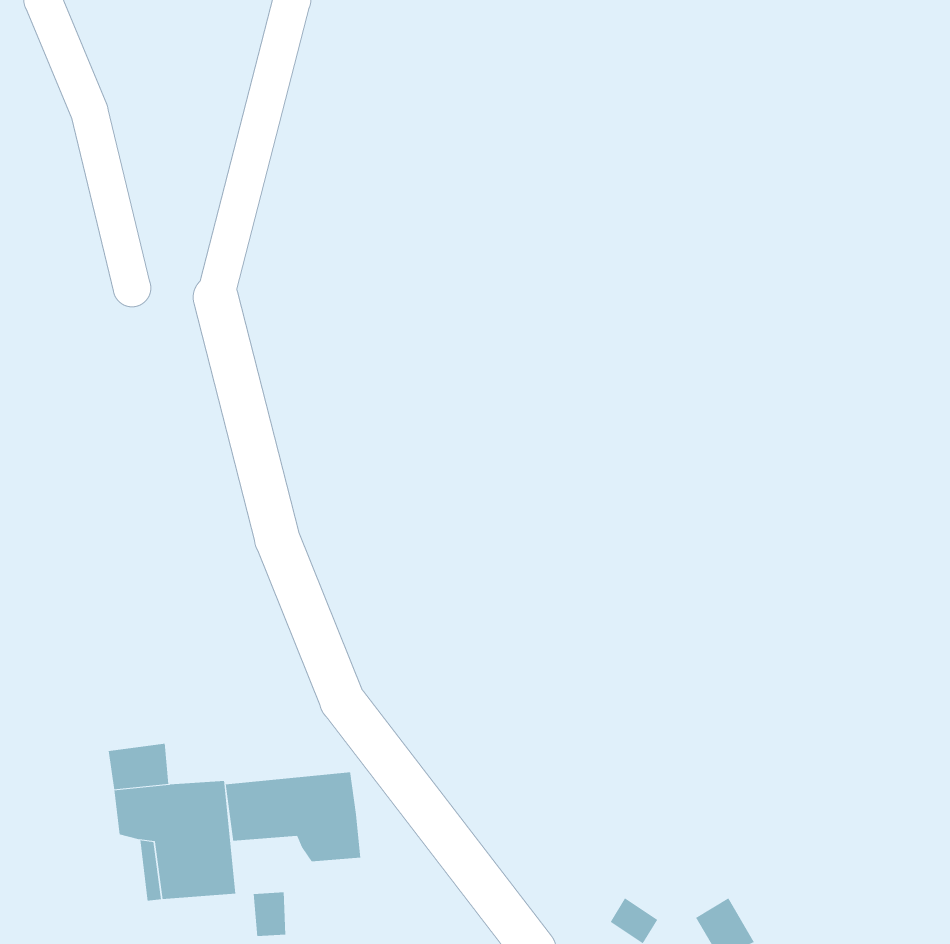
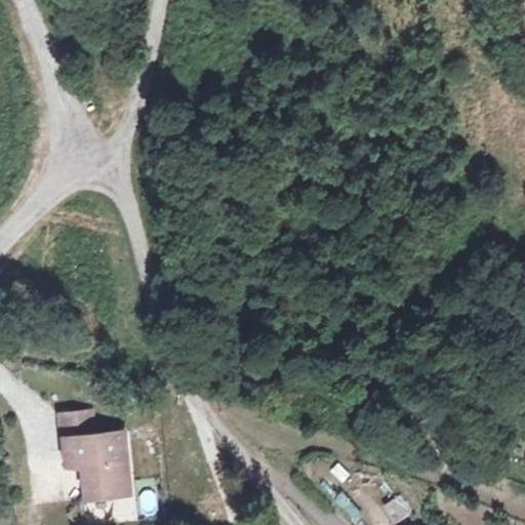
building: [225,771,361,862] -> none

